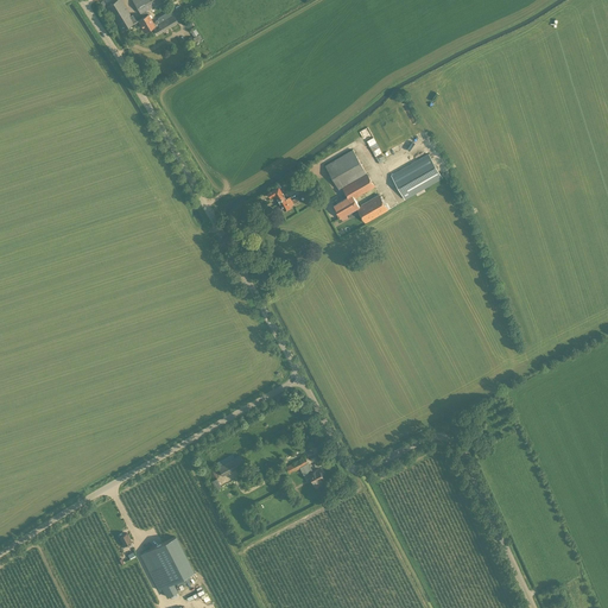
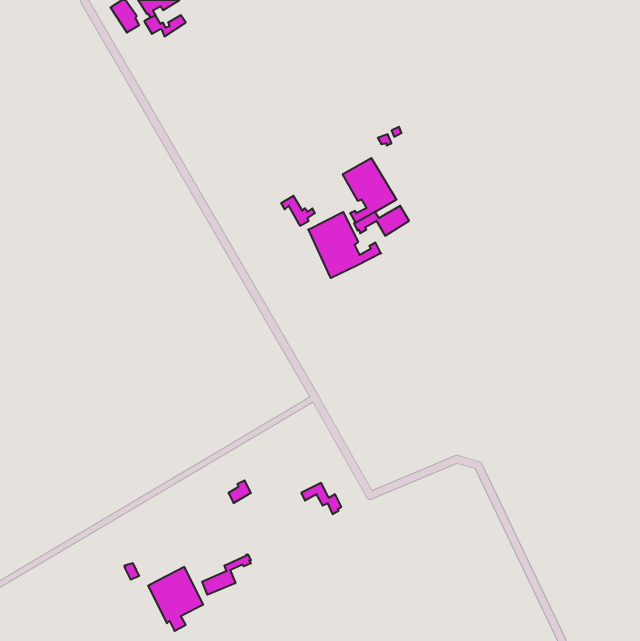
building: [391,153,441,200] -> none
building: none -> [308,212,381,278]
building: none -> [202,554,251,595]

